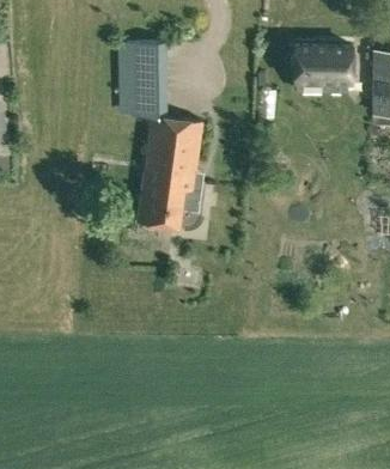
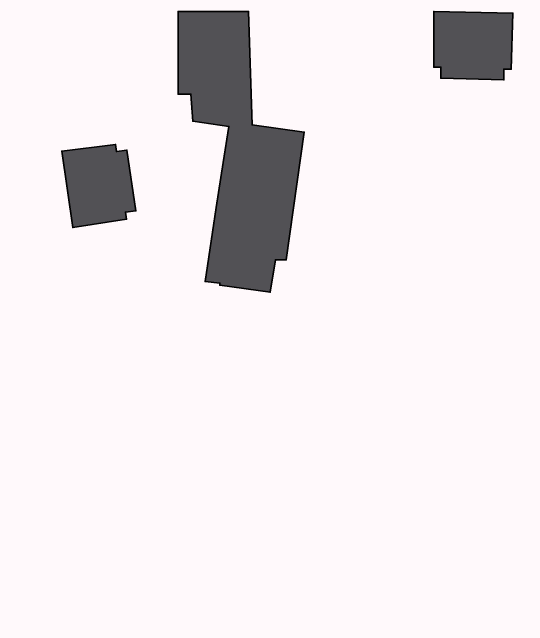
building: none -> [62,145,136,227]

